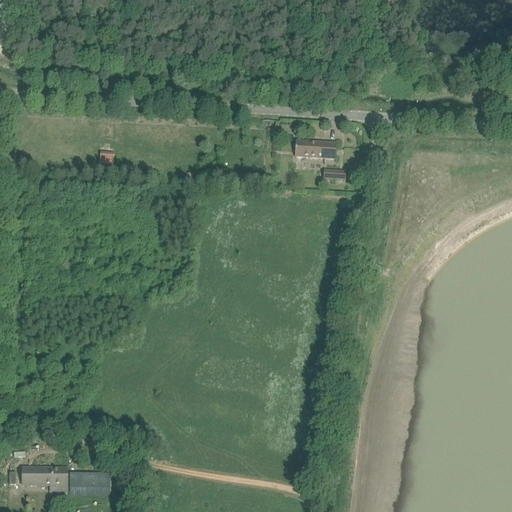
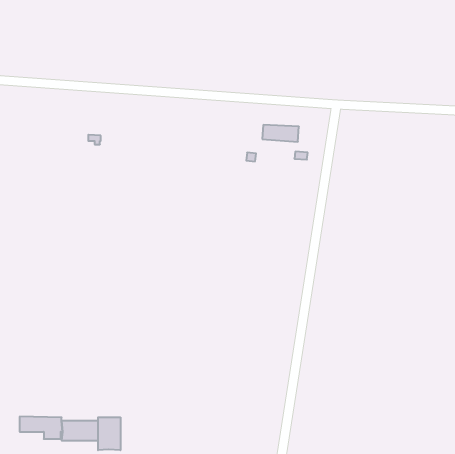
building: none -> [98,417,120,450]

